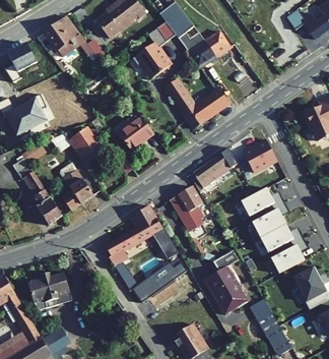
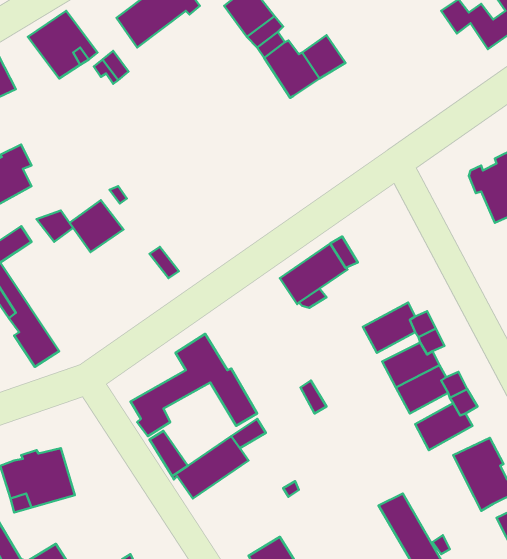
building: [132,27,171,78] -> none
building: [165,78,229,128] -> none
building: [119,117,153,149] -> none
building: [244,139,277,173] -> none
building: [59,163,93,210] -> none
building: [169,186,203,233] -> none
building: [205,250,249,313] -> none

